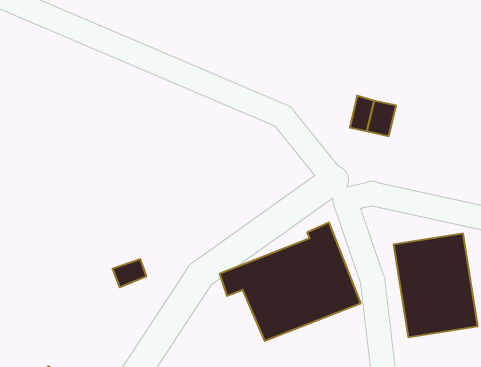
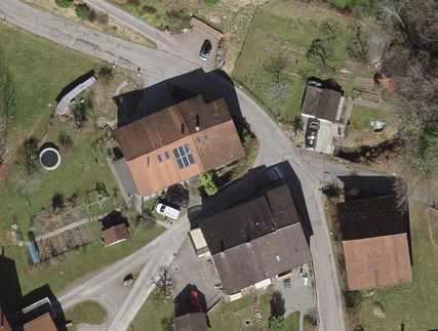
building: none -> [117,96,241,191]

